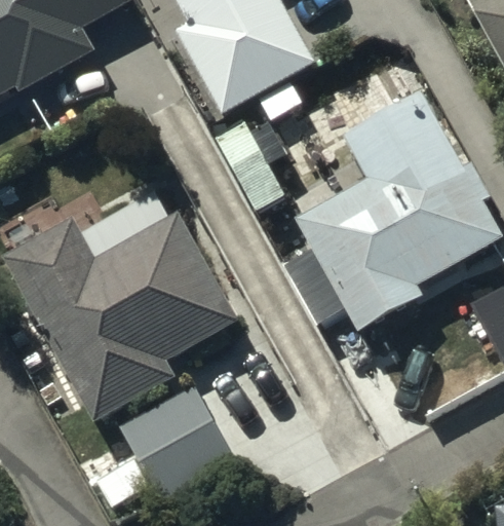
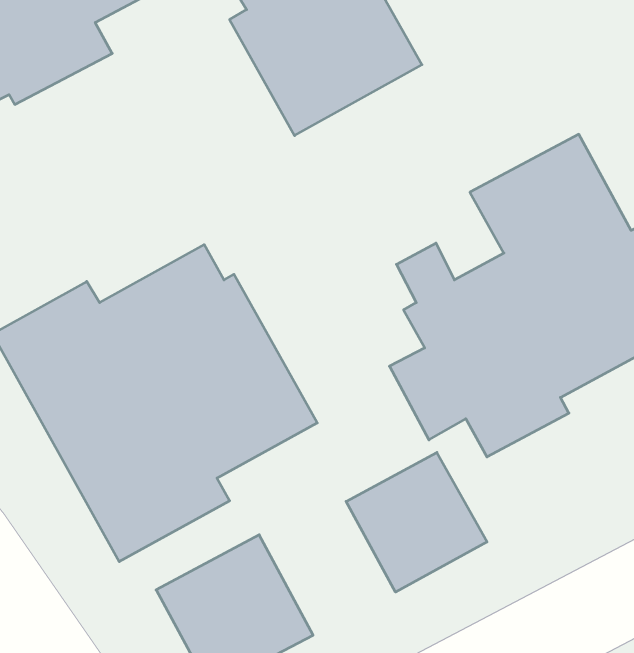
building: none -> [346,452,487,592]

